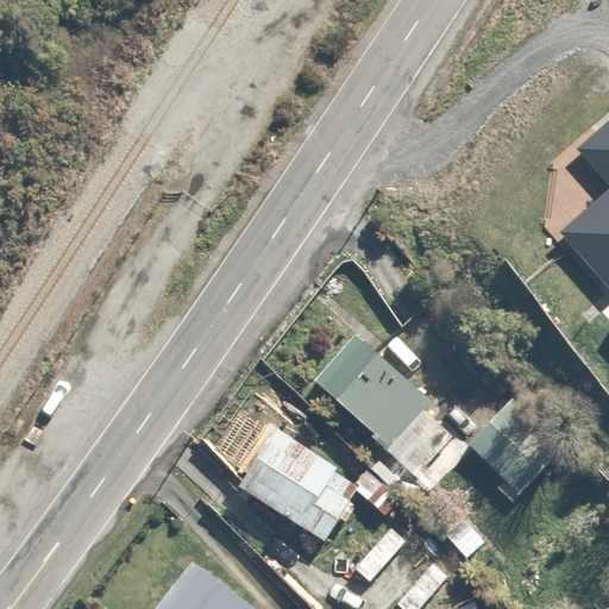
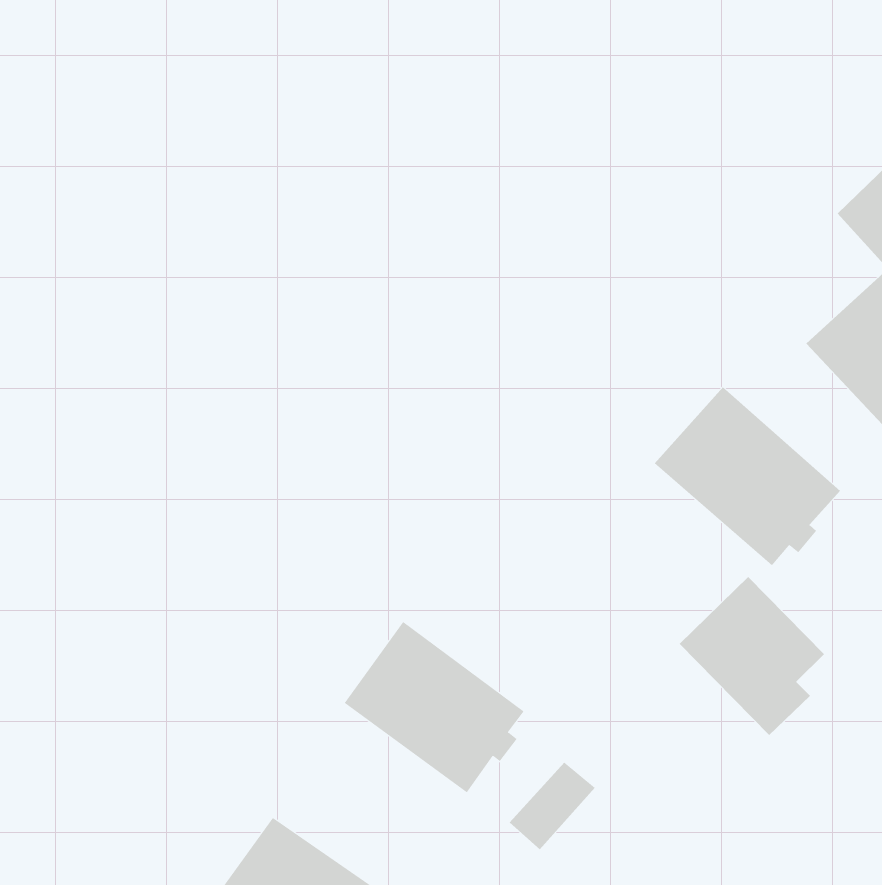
building: none -> [654,387,841,566]
building: [314,334,453,490] -> none

